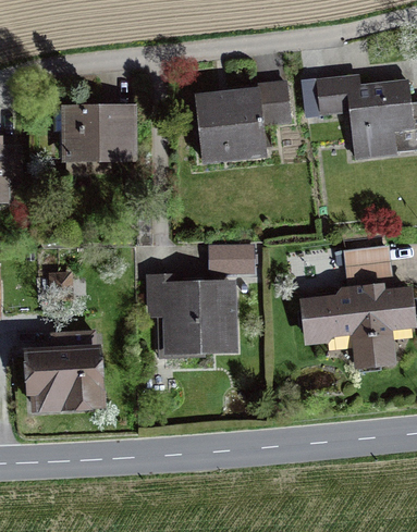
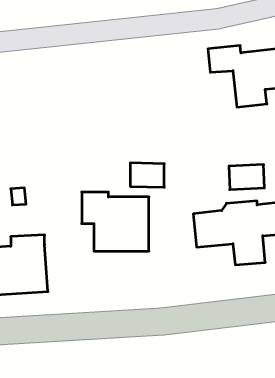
building: [189,85,292,166] -> none
building: [60,107,136,163] -> none

